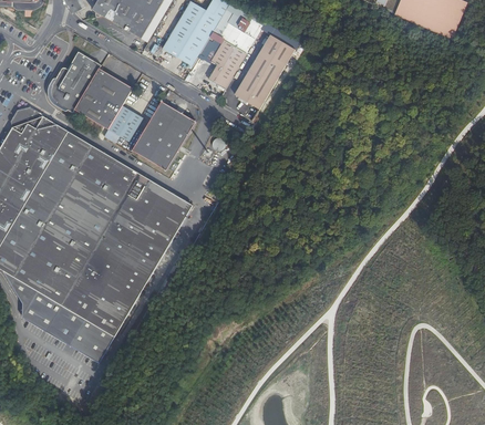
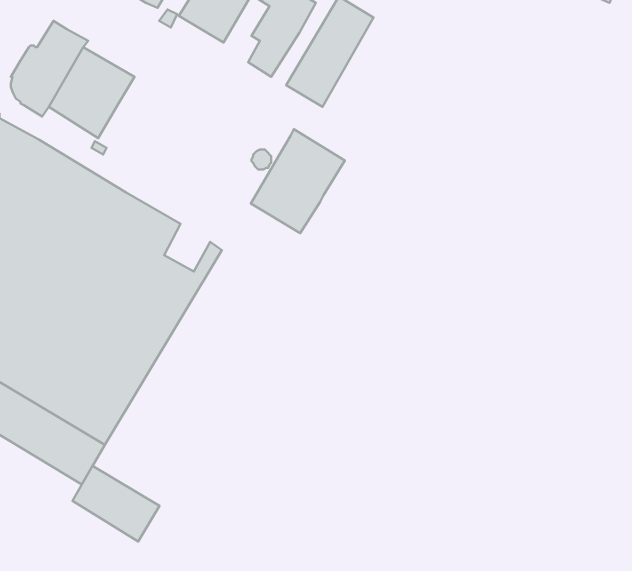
building: [132,100,195,169] -> [251,129,345,233]
building: [107,104,142,141] -> none
building: [152,186,183,218] -> none
building: none -> [72,466,159,542]

